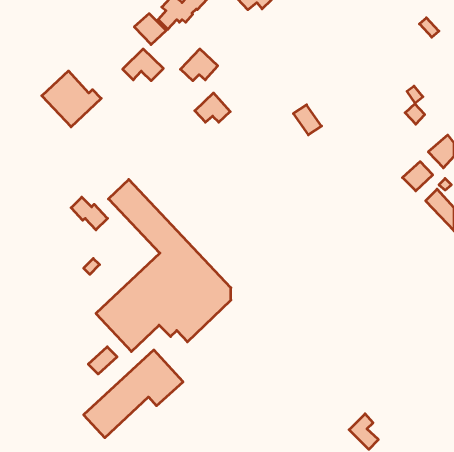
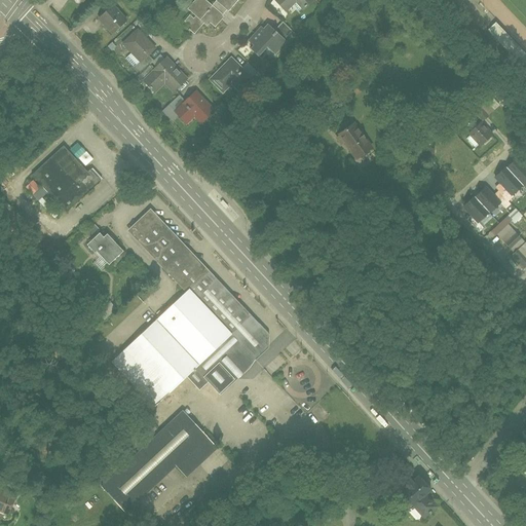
building: none -> [98,6,127,36]
building: [134,14,166,45] -> [122,28,159,64]
building: none -> [248,25,289,59]
building: [42,71,101,127] -> [32,145,101,210]
building: [195,93,230,122] -> [175,90,216,124]
building: [88,347,117,374] -> none

